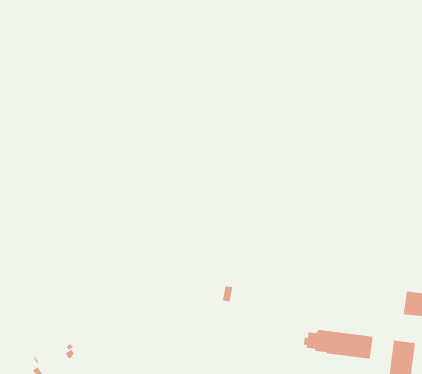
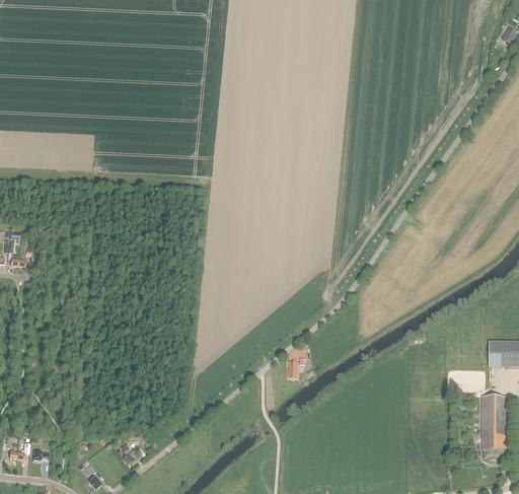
building: [303,329,373,360] -> none

